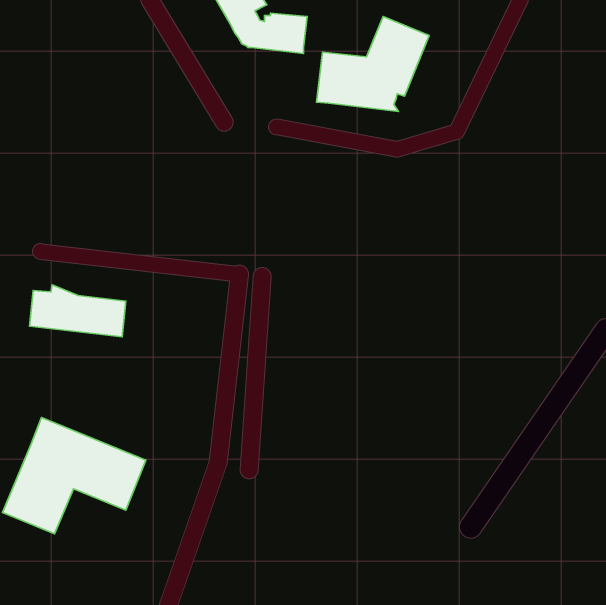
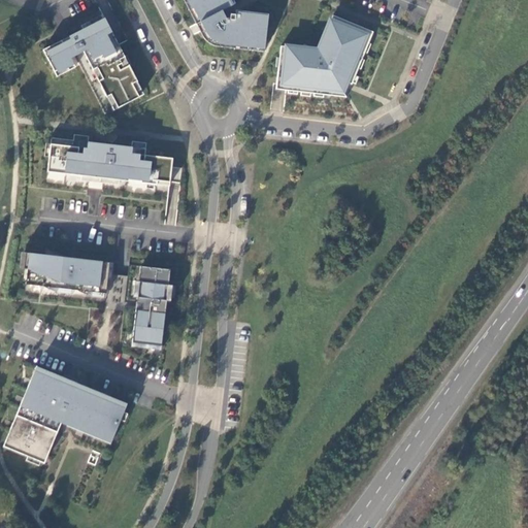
building: none -> [45,18,139,107]
building: none -> [47,140,172,184]
building: none -> [132,265,170,344]

